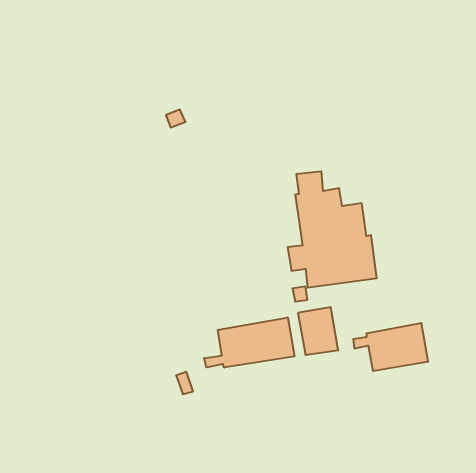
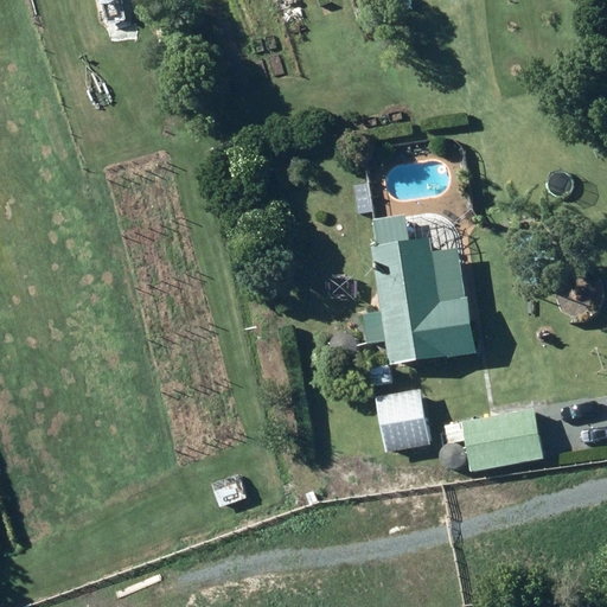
building: [204,317,294,368] -> none

